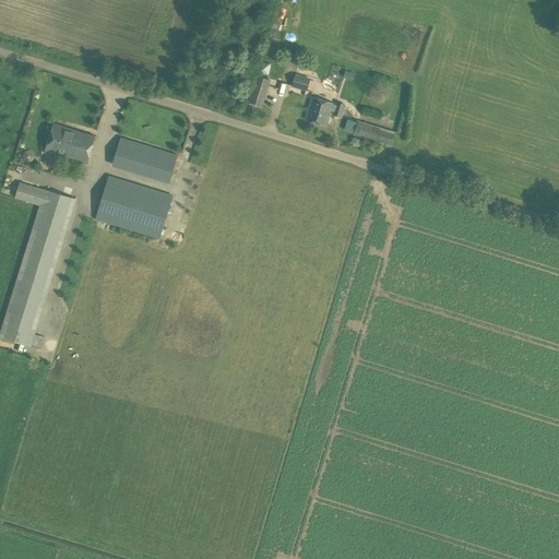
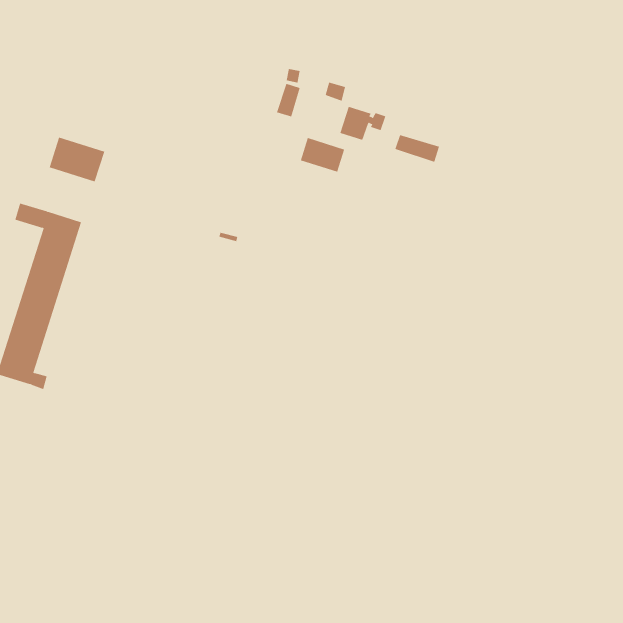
building: none -> [300,137,345,172]
building: [110,136,176,181] -> none
building: [94,174,173,239] -> none

